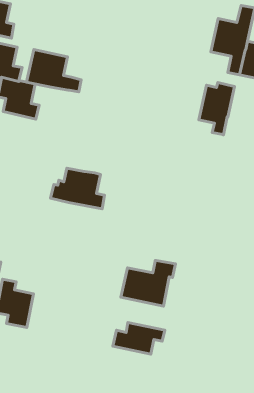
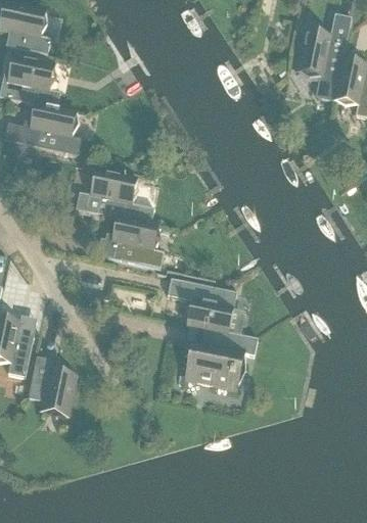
building: [27,49,81,92] -> [86,169,154,222]
building: [199,83,234,135] -> none
building: none -> [169,278,236,332]
building: [113,323,165,354] -> none

